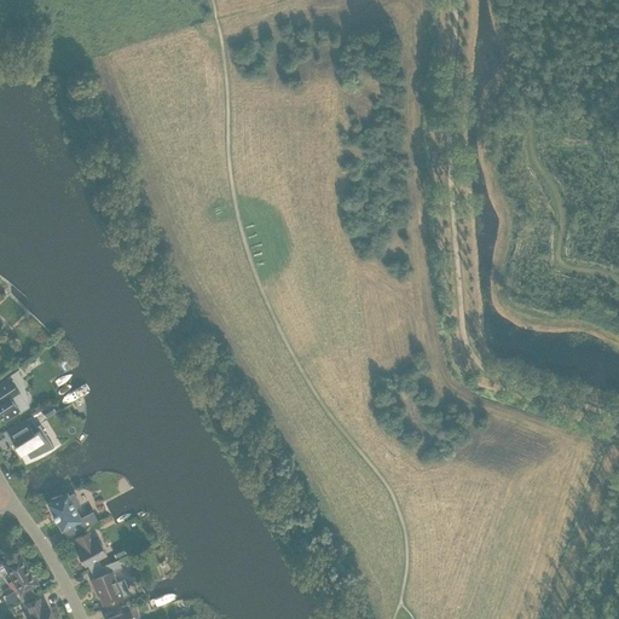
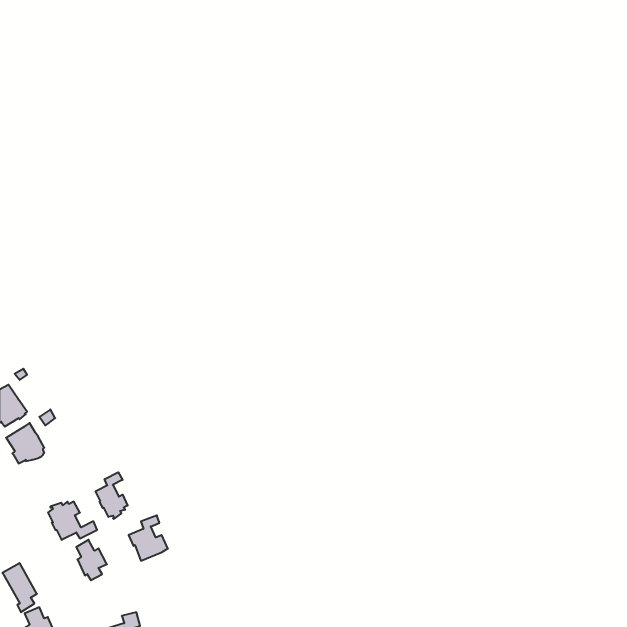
building: none -> [96,472,128,519]
building: [89,561,128,606] -> [129,515,168,561]

